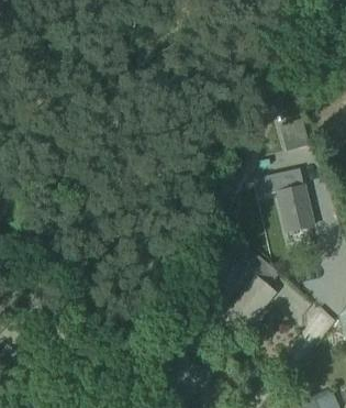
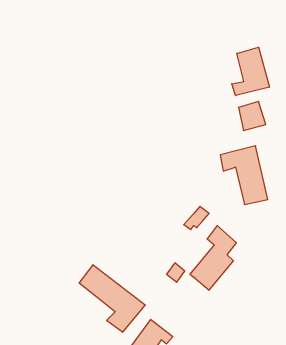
building: none -> [232,47,269,96]
building: none -> [79,265,145,332]

